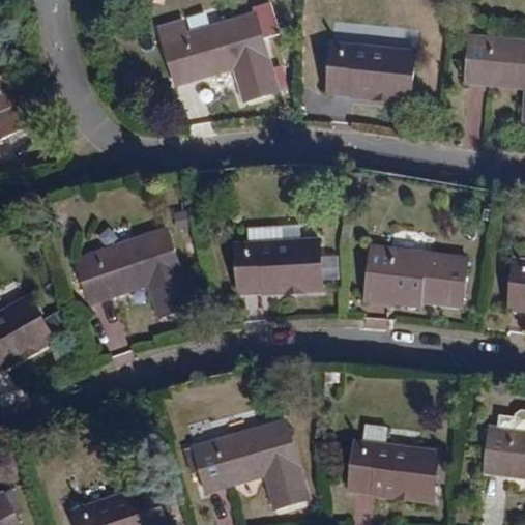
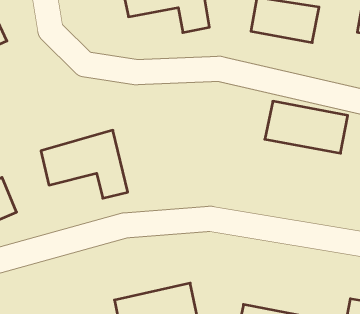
building: [236,239,321,293] -> none
building: [366,243,468,302] -> [265,101,348,153]

